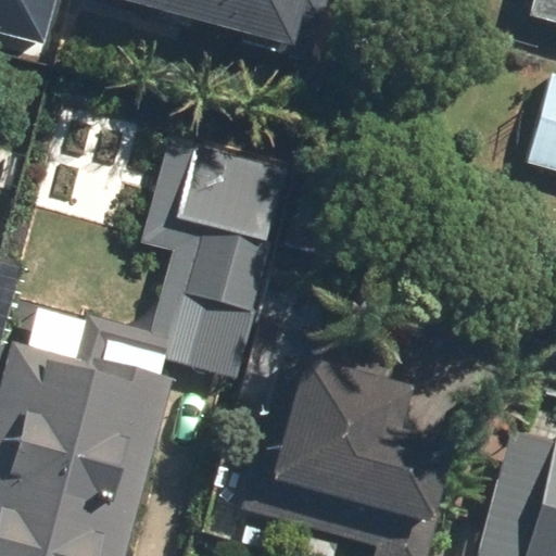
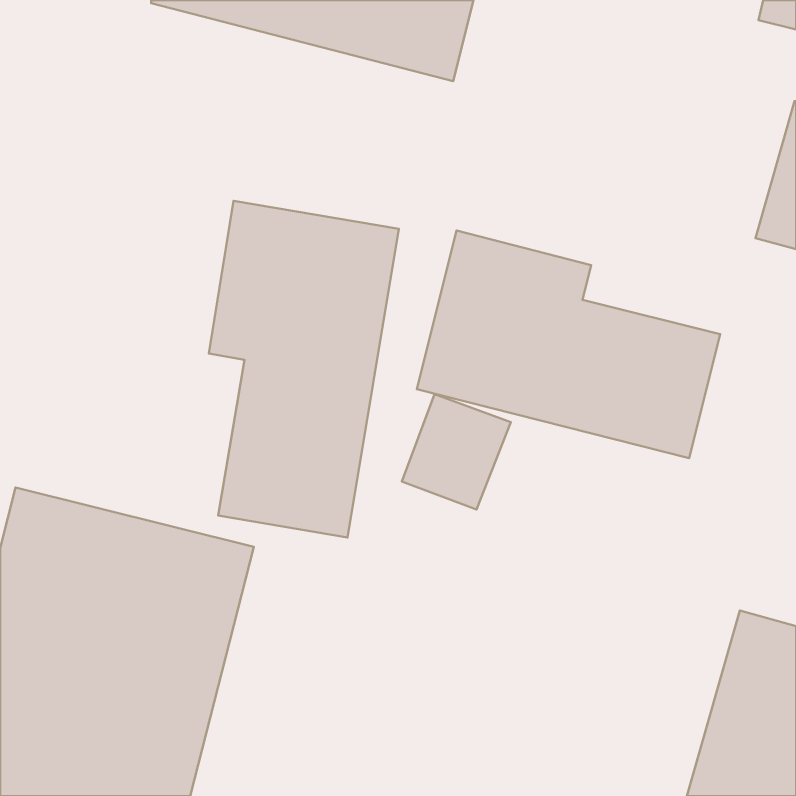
building: none -> [417,231,720,458]
building: [269,355,443,517] -> none

